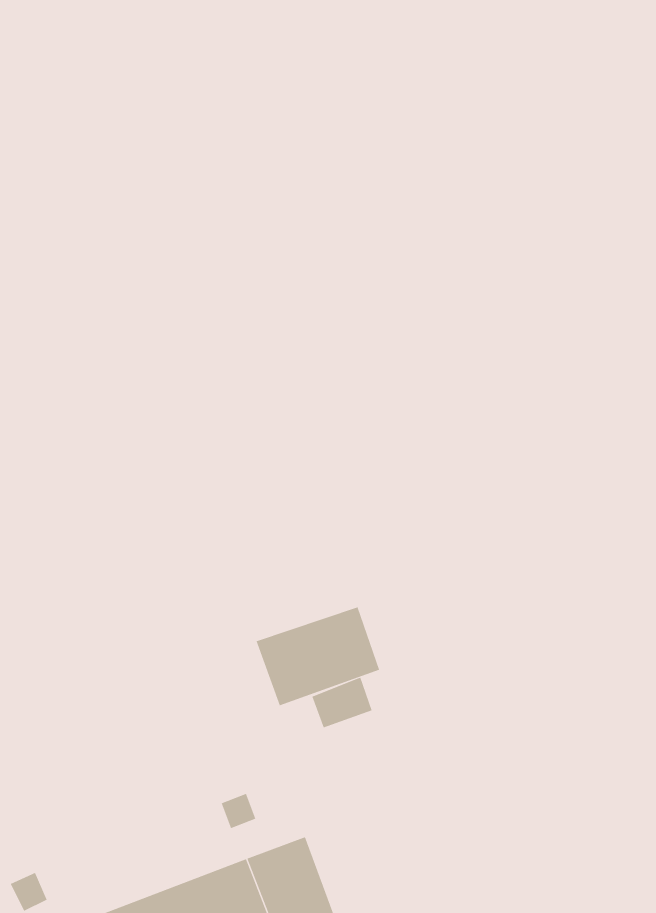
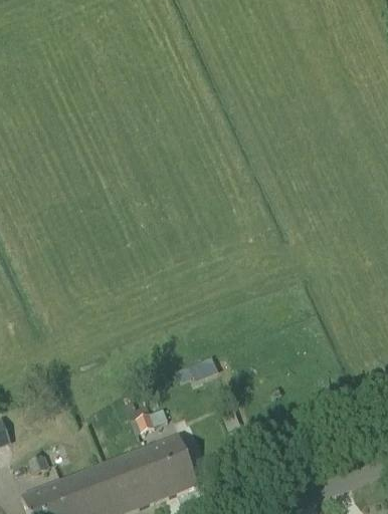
building: [256,606,380,706] -> none

